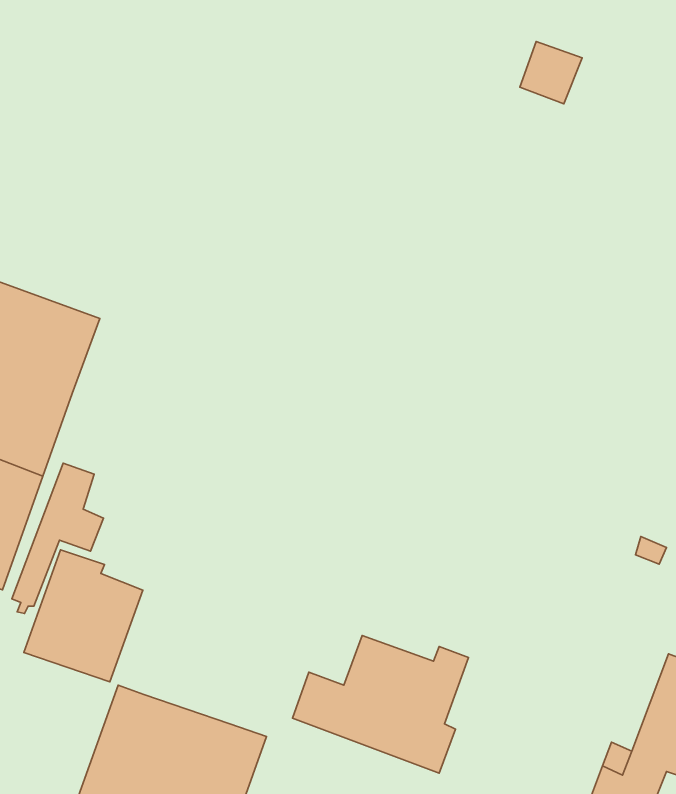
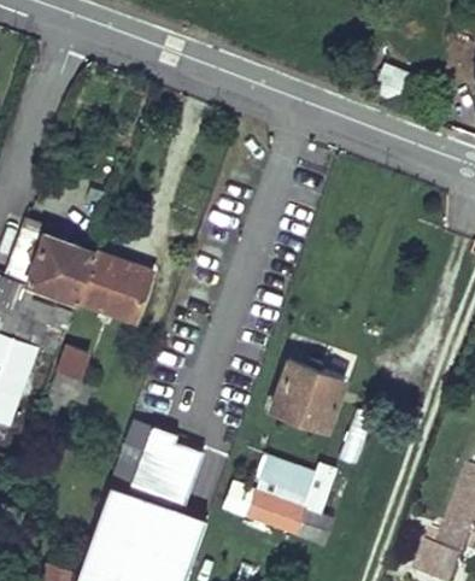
building: none -> [76,248,152,318]
building: none -> [264,359,348,438]
building: [24,550,143,682] -> [123,428,201,515]

